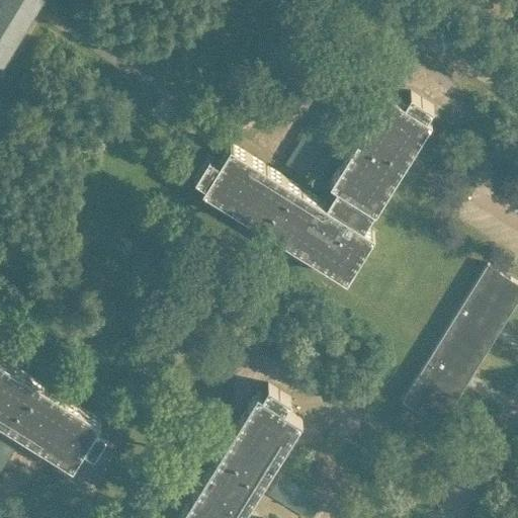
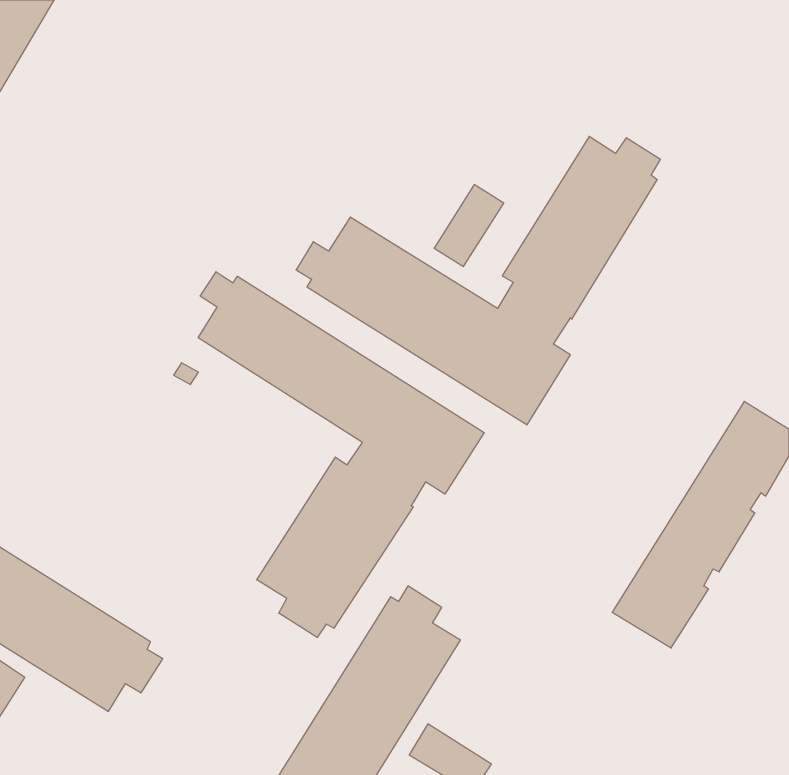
building: none -> [198,272,484,637]

